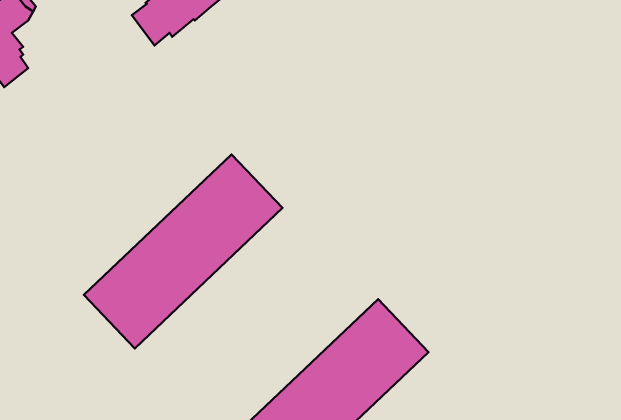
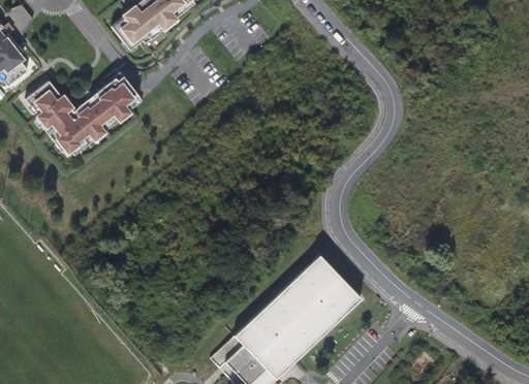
building: none -> [28,74,142,154]
building: [84,154,283,348] -> none

